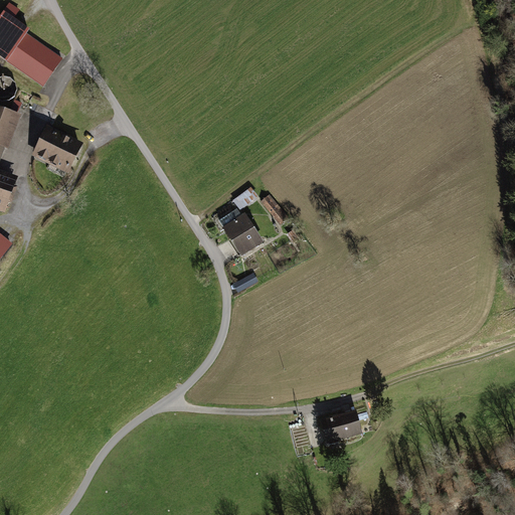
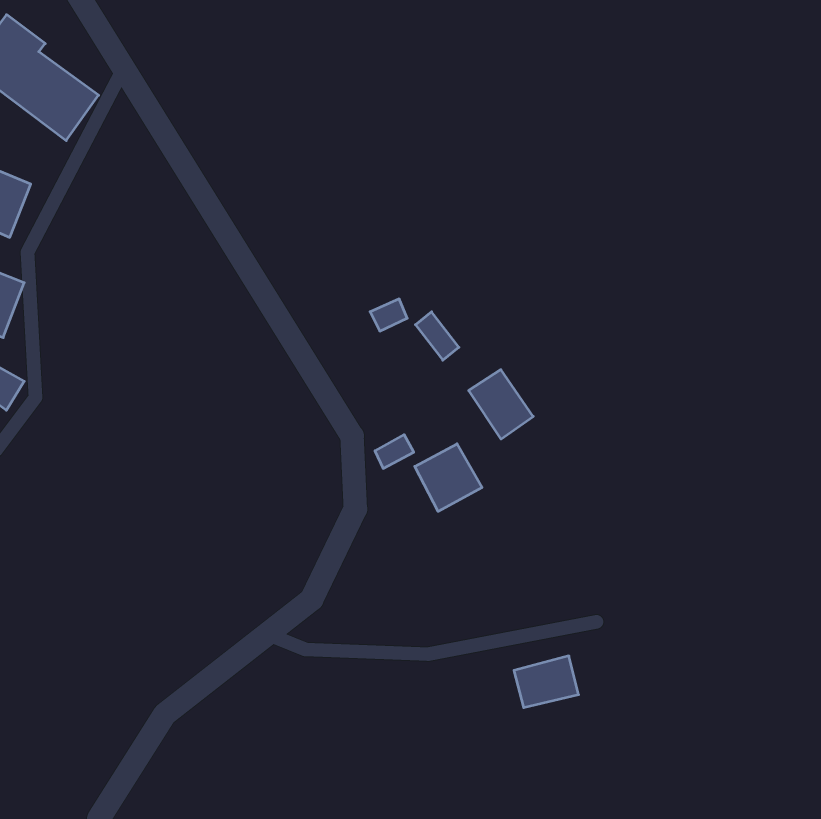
building: [33,127,77,169] -> none
building: [222,211,263,254] -> [469,370,533,439]
building: none -> [415,444,482,511]

